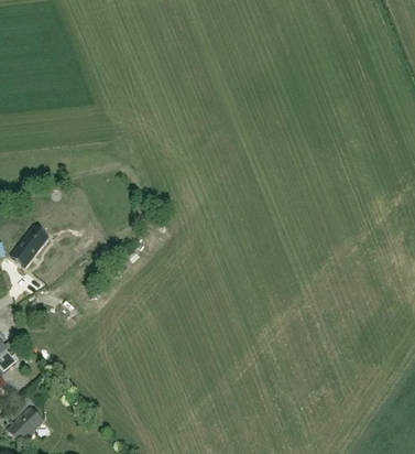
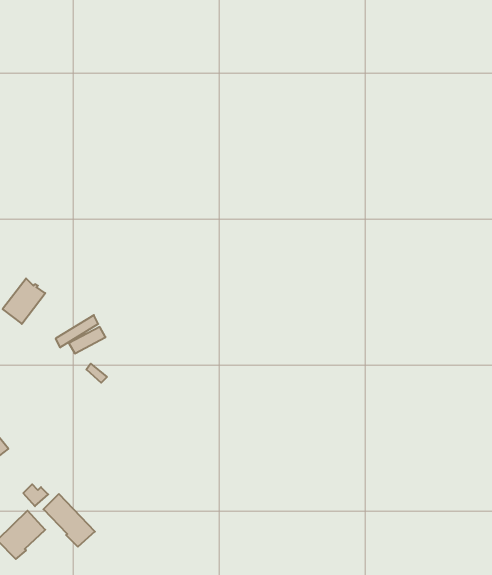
building: none -> [43,494,95,547]

